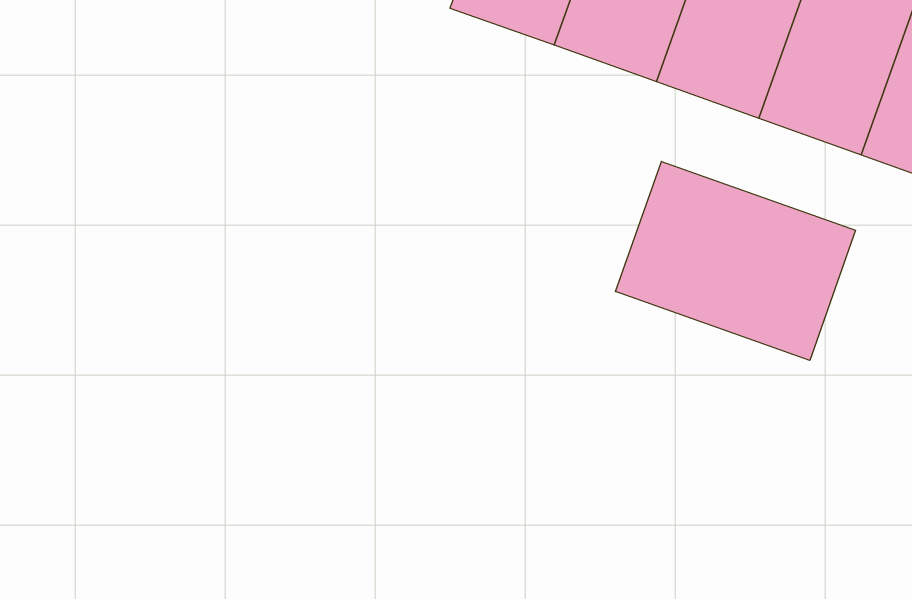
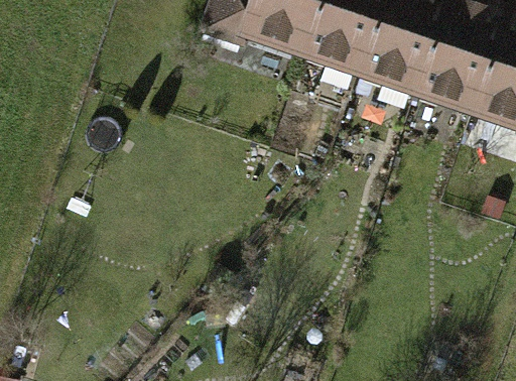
building: [615,161,856,360] -> none

